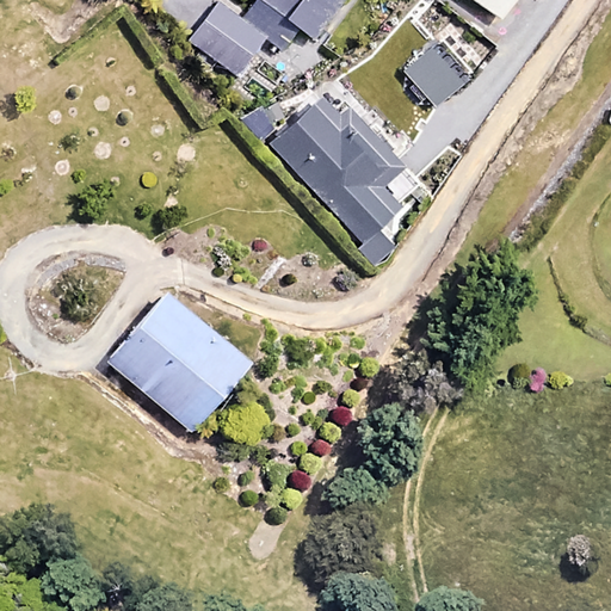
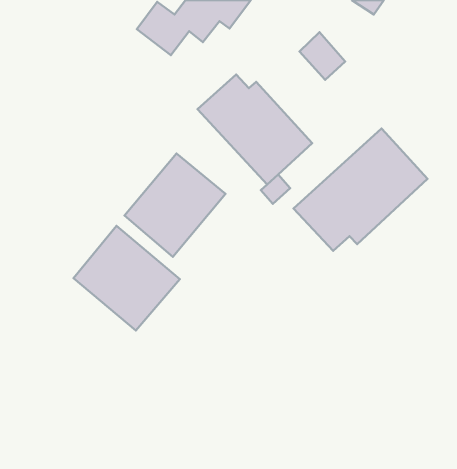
building: none -> [294,128,428,251]
building: none -> [124,154,226,257]

